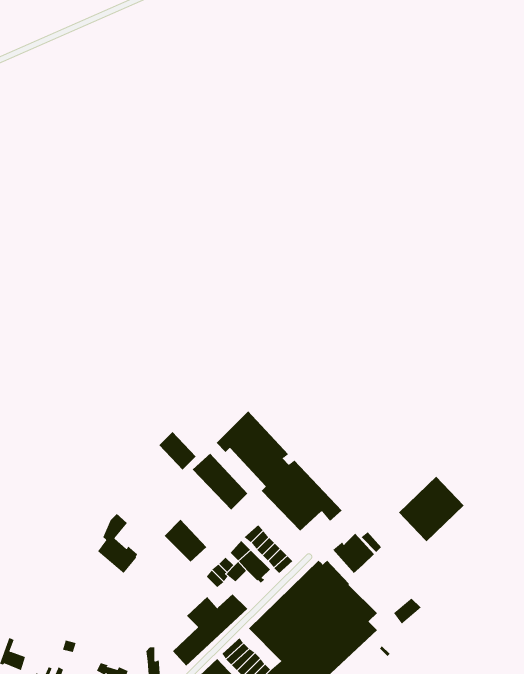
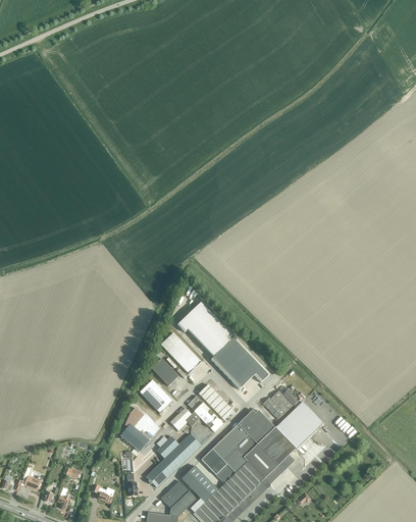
building: [158,431,196,470] -> [151,357,178,385]
building: [398,476,464,542] -> [275,401,323,449]
building: [97,513,138,574] -> [120,407,150,451]

